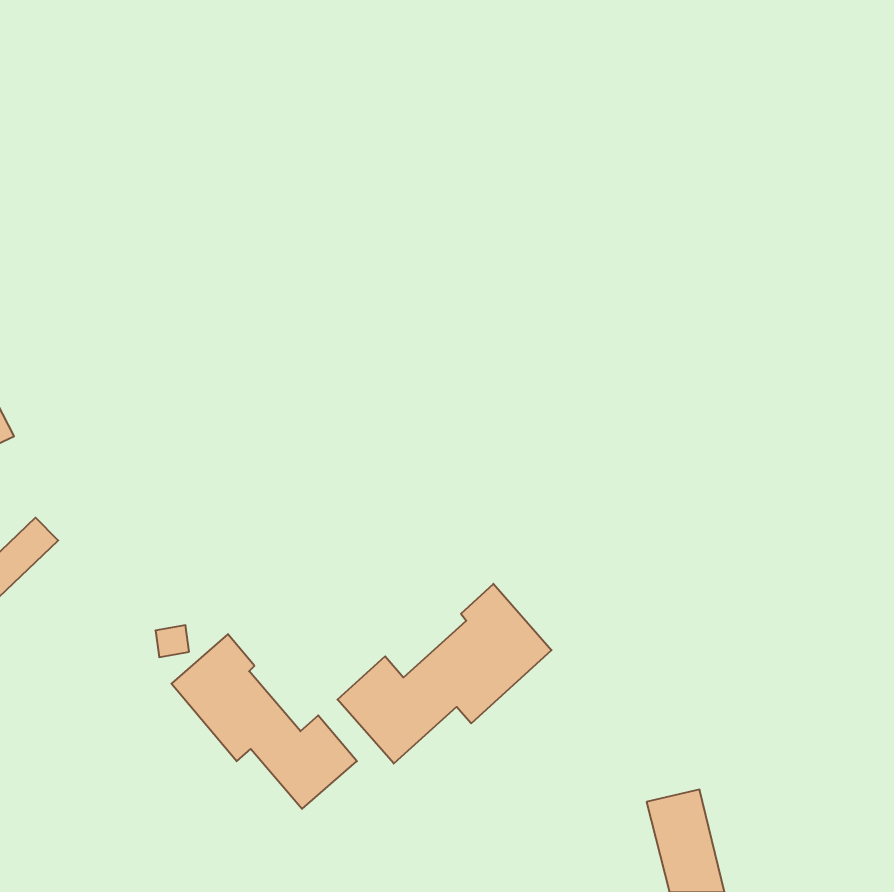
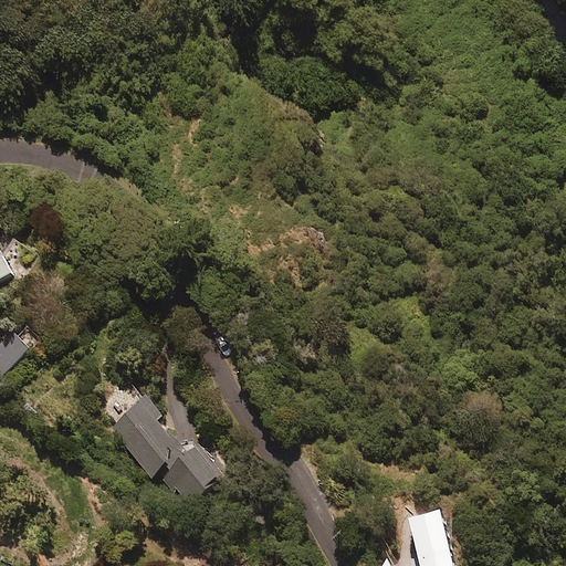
building: [337,584,552,764] -> none

